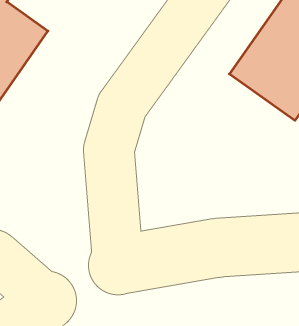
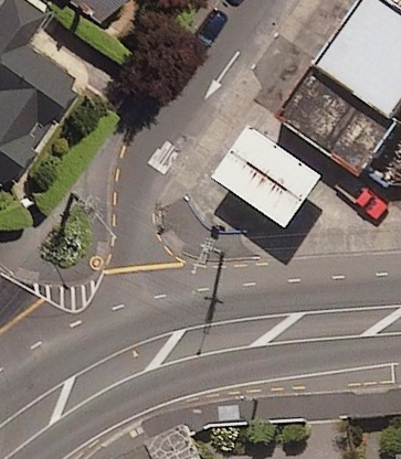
building: none -> [218,127,327,232]

